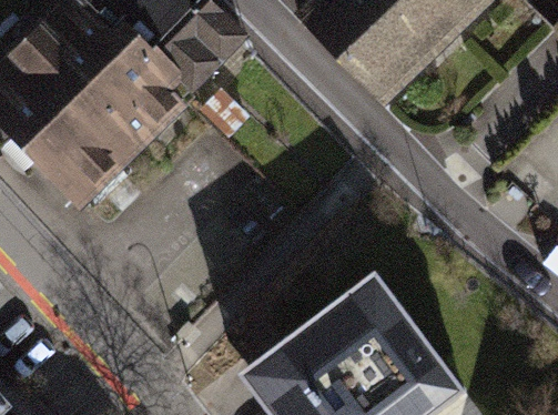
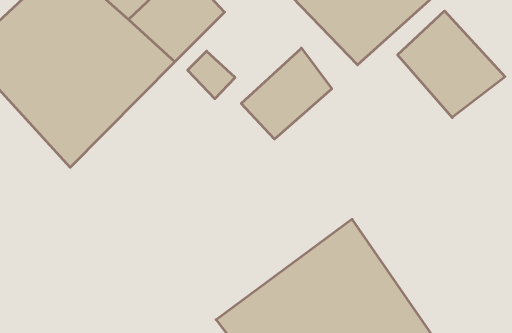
building: none -> [398,11,505,118]
building: none -> [241,48,332,139]

